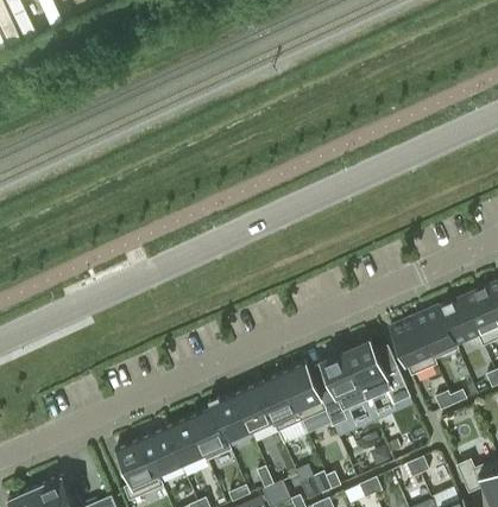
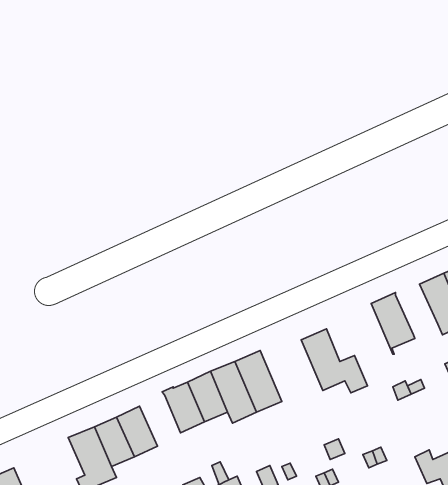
building: [437,297,479,347] -> none
building: [389,316,435,376] -> none
building: [321,351,366,425] -> none
building: [185,406,229,462] -> none

